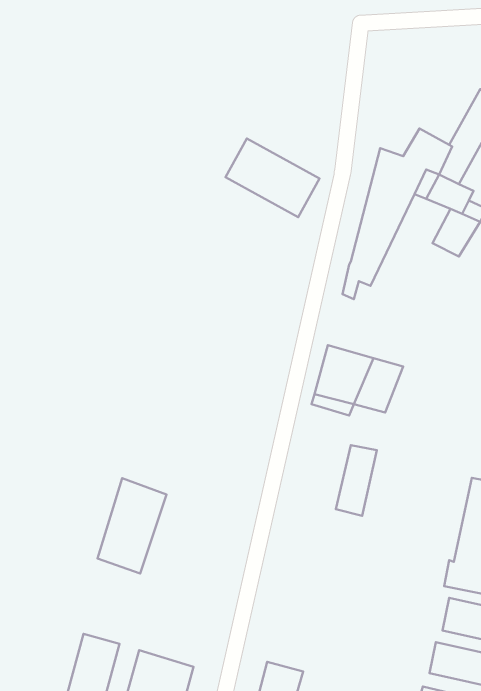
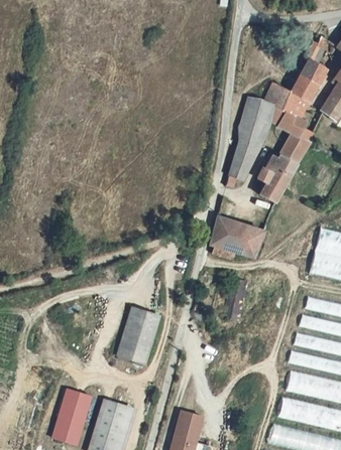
building: [225,138,319,217] -> none
building: none -> [256,151,298,202]
building: [98,478,166,573] -> [116,306,158,364]

